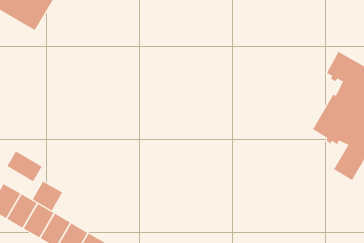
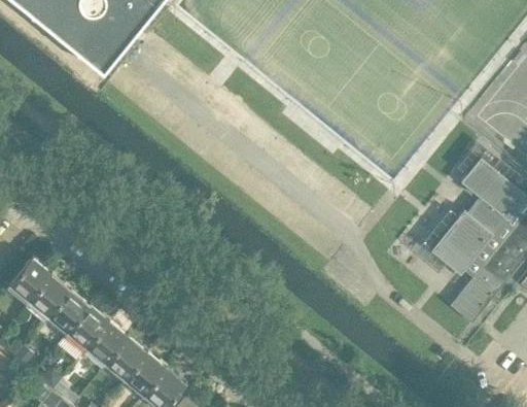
building: [6,150,43,182] -> none
building: [32,181,63,211] -> none

